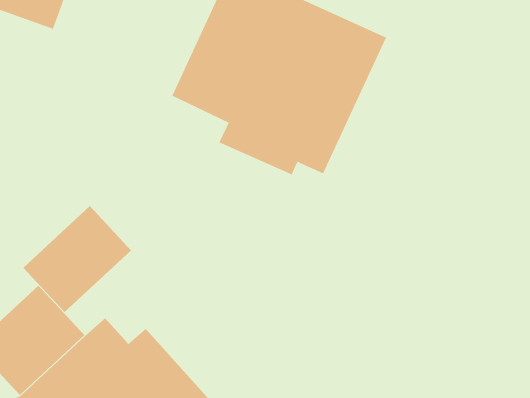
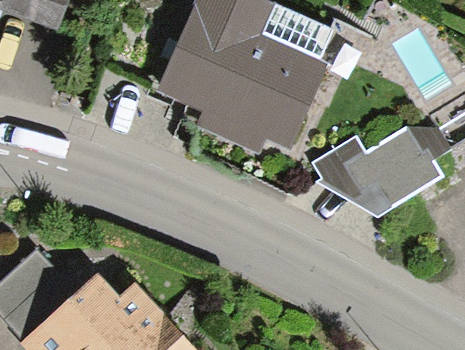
building: none -> [314,126,452,219]
building: [22,205,132,313] -> none

